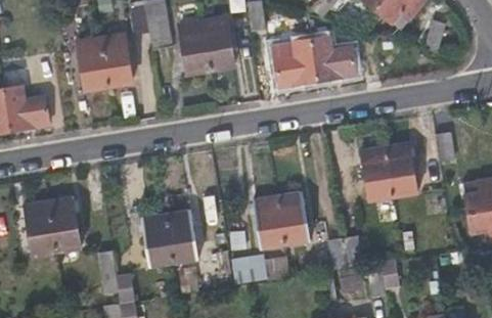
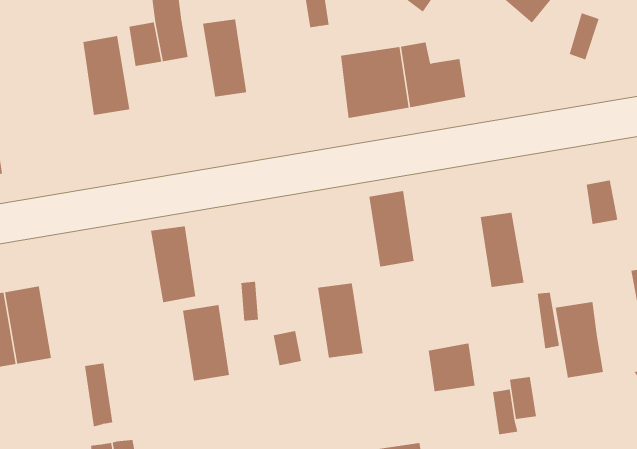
building: [202,17,229,70] -> none
building: [75,37,106,90] -> none
building: [386,146,418,197] -> [555,301,604,378]
building: [279,193,310,244] -> [369,190,415,267]
building: [142,216,173,267] -> [150,226,196,303]
building: [228,254,266,282] -> none

